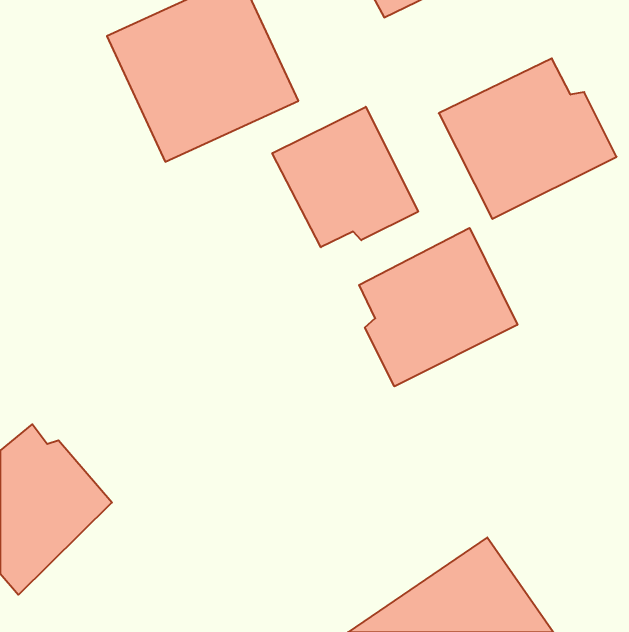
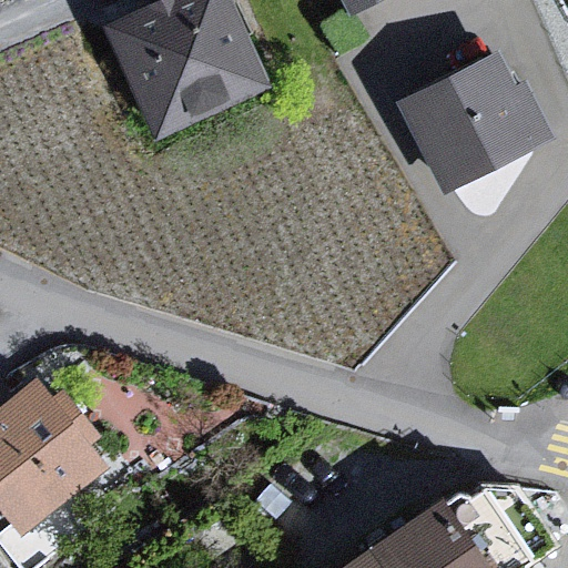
building: [272,107,418,247] -> none
building: [359,228,517,386] -> none

